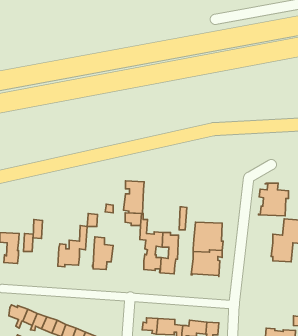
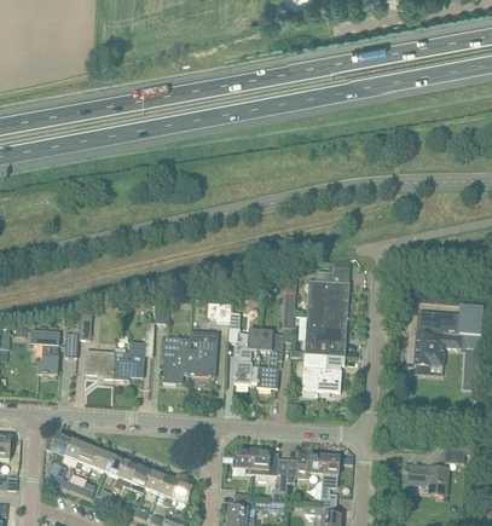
building: [124,181,144,214] -> [189,329,218,375]
building: [258,183,289,216] -> [307,270,349,316]
building: none -> [85,345,116,376]

